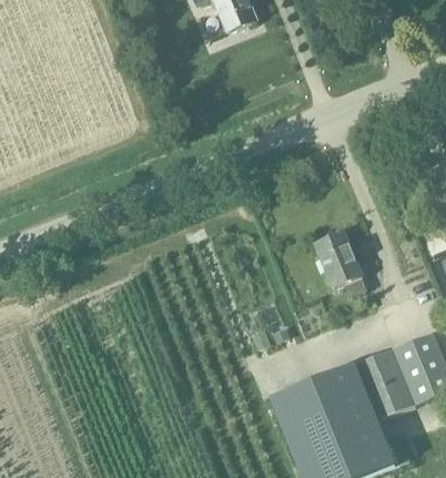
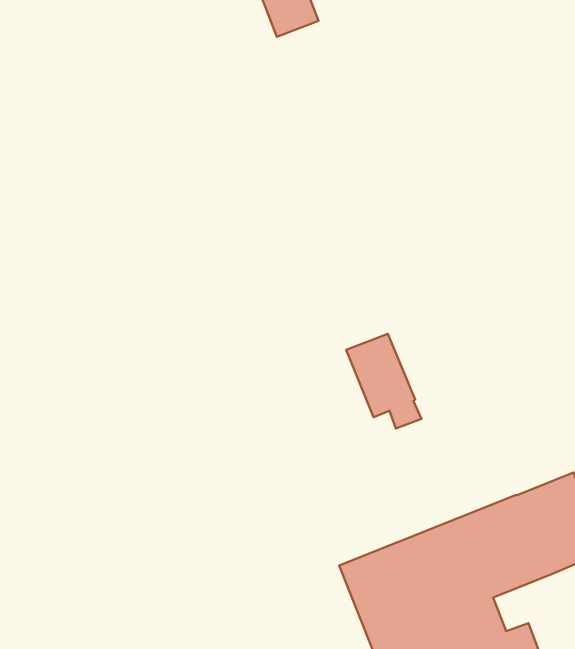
building: [313,230,365,295] -> [346,334,421,428]

